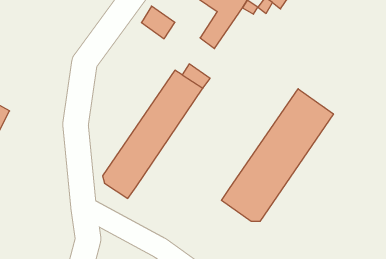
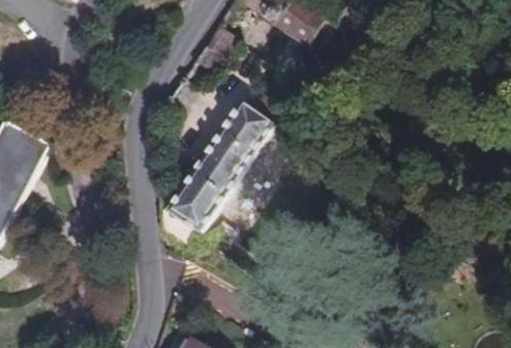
building: [221,89,333,221] -> none

